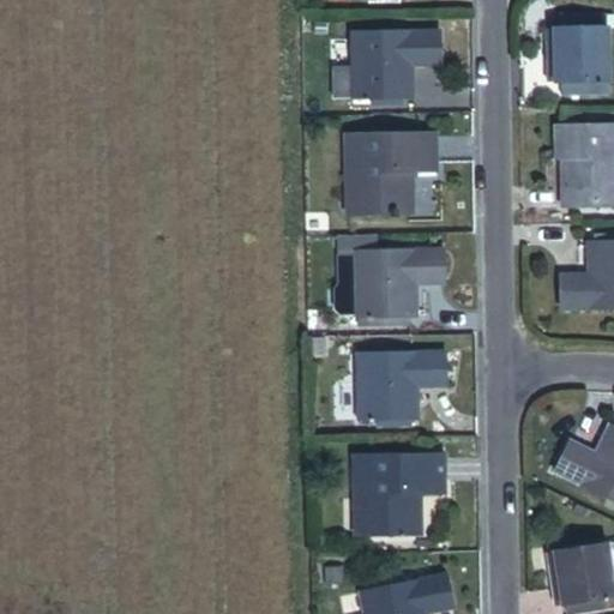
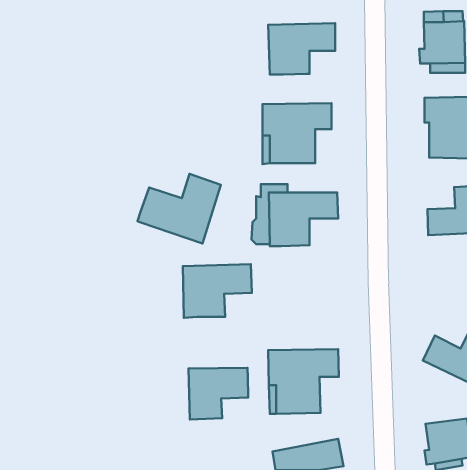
building: none -> [138,174,221,243]
building: [356,353,446,422] -> [183,264,252,318]
building: none -> [189,368,248,419]

